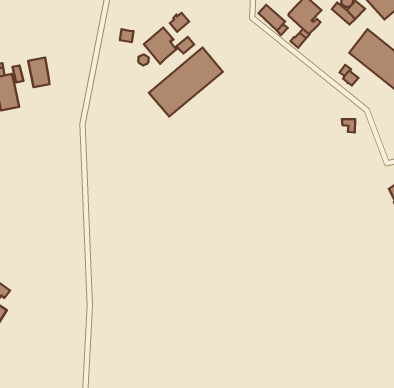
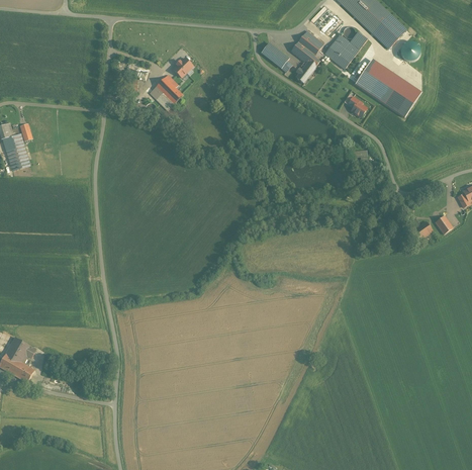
building: none -> [324,41,353,68]
building: [149,47,223,116] -> none
building: [28,57,50,87] -> none

